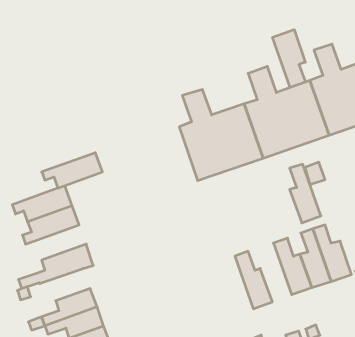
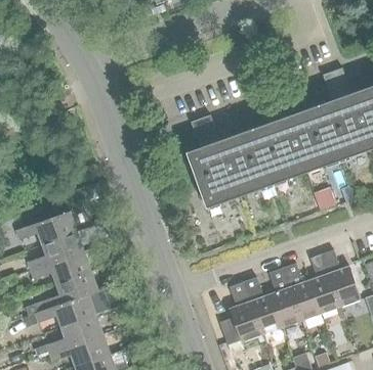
building: [273,30,305,87] -> none
building: [42,153,102,188] -> [31,250,92,286]
building: [290,164,321,223] -> [268,269,300,328]
building: none -> [219,282,261,343]
building: none -> [36,294,96,327]

